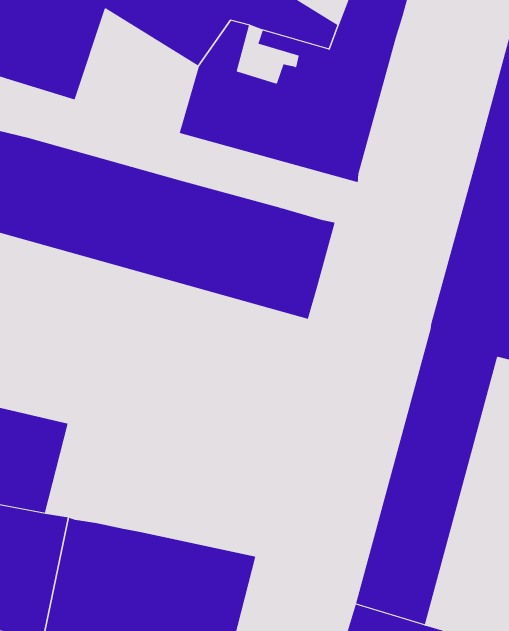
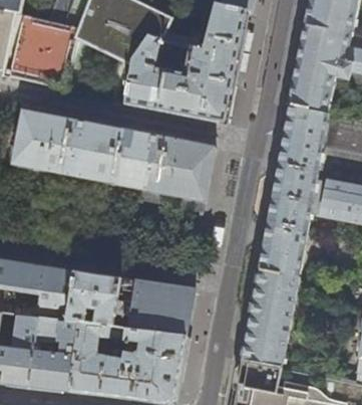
building: none -> [64,270,117,327]
building: none -> [117,279,193,337]

